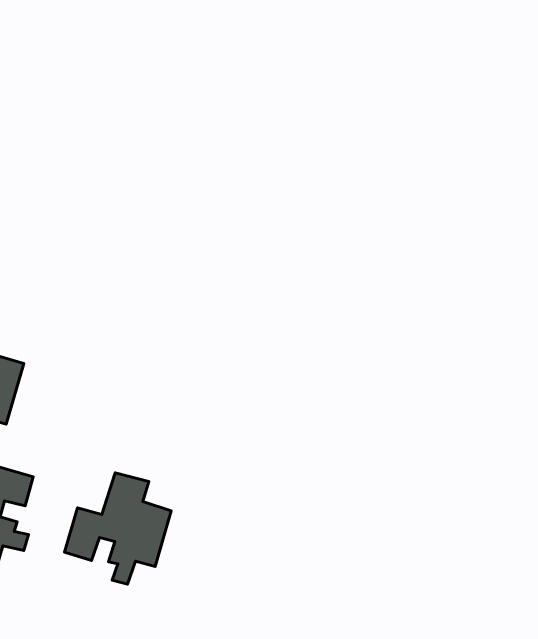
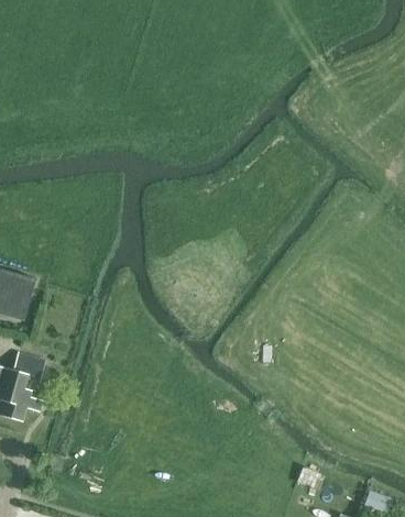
building: [64,473,171,584] -> none

